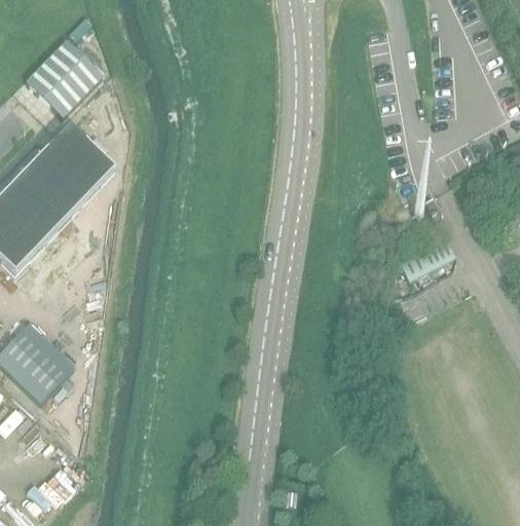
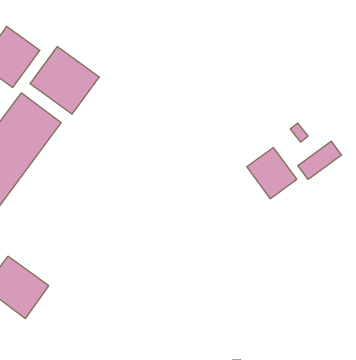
building: none -> [30,46,99,114]
building: none -> [247,147,297,199]

